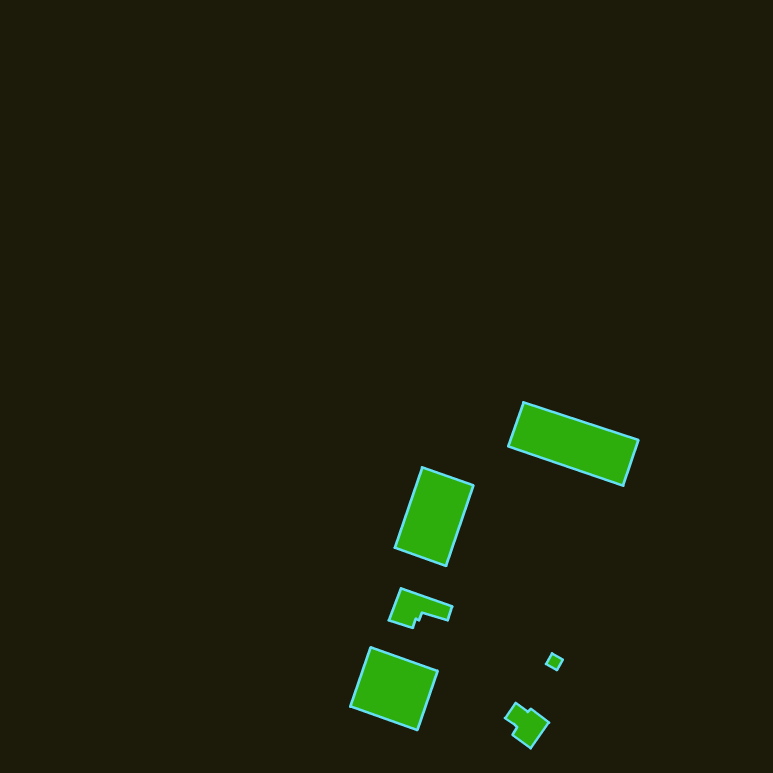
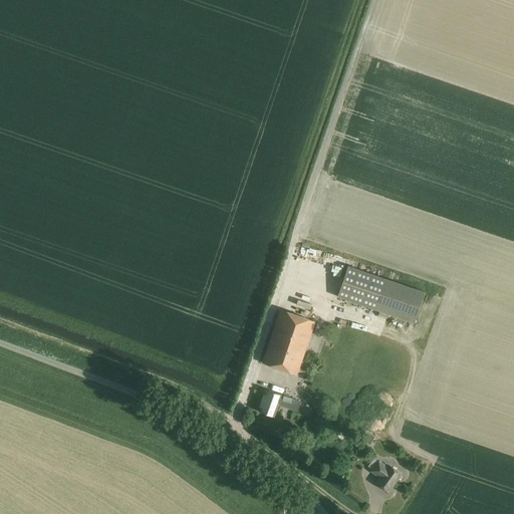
building: [350,647,437,730] -> none
building: [505,703,549,748] -> [371,462,401,492]

